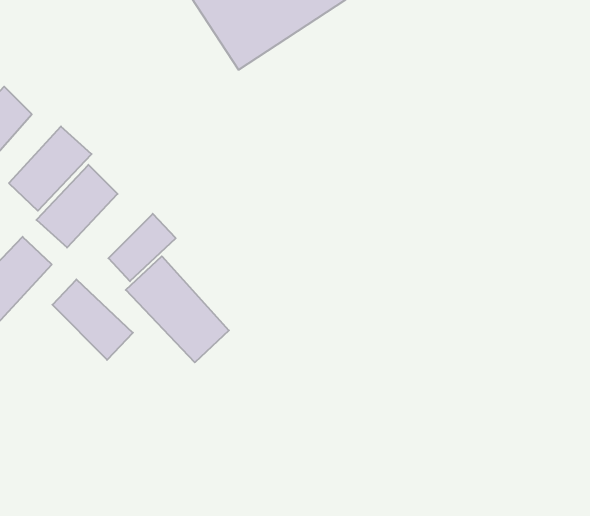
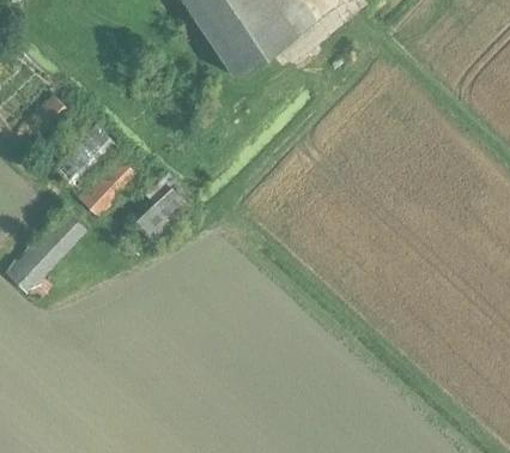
building: [126,256,229,362] -> none
building: [52,279,133,360] -> none

